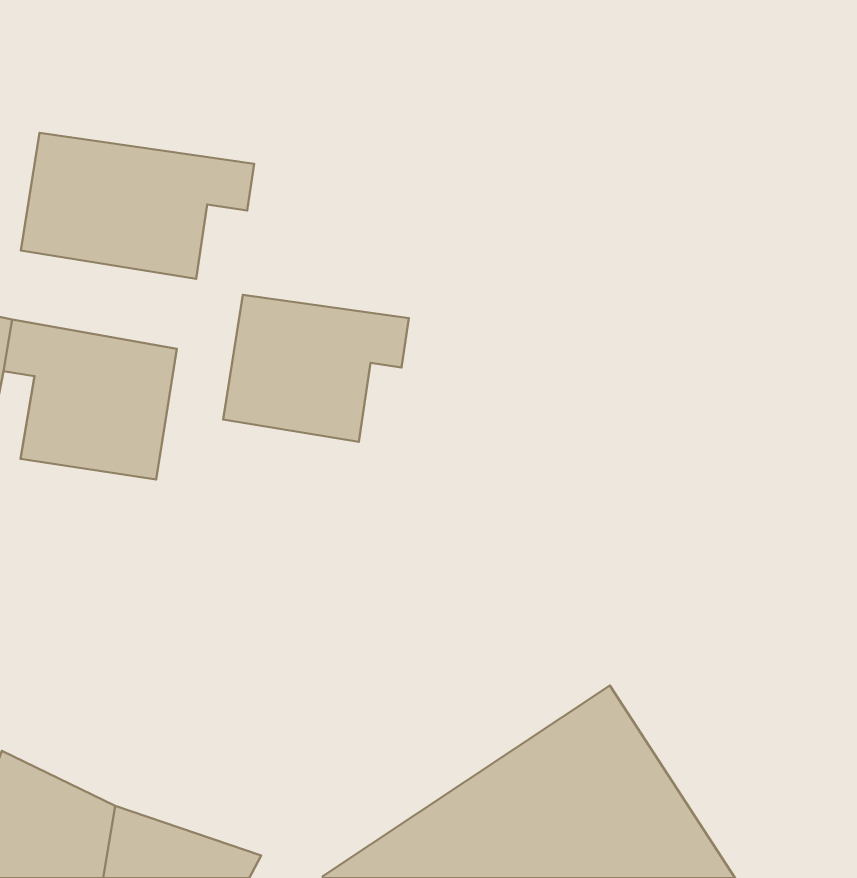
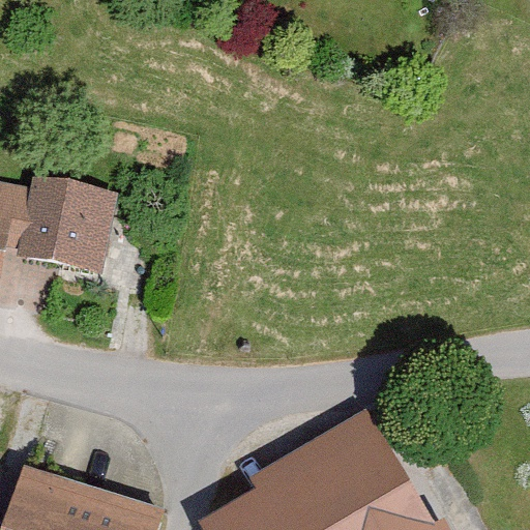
building: [21,133,254,279] -> none
building: [223,295,409,442] -> none

